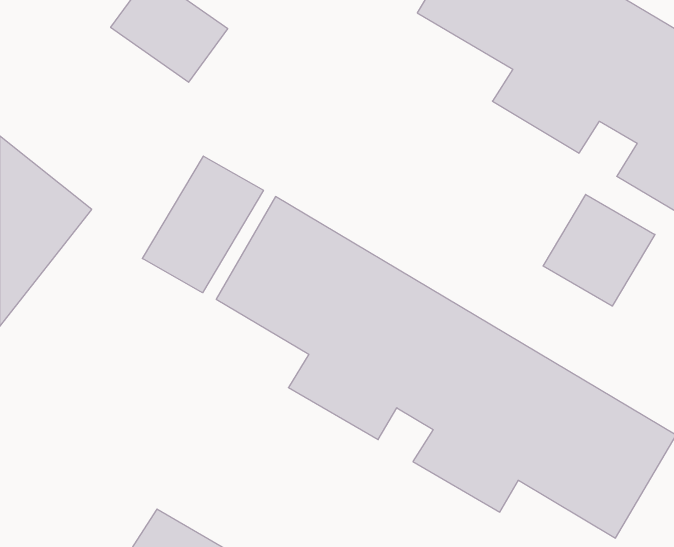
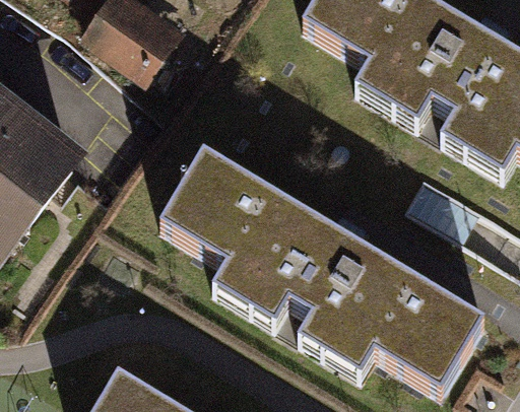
building: [142,156,263,293] -> none
building: [543,194,655,306] -> none

